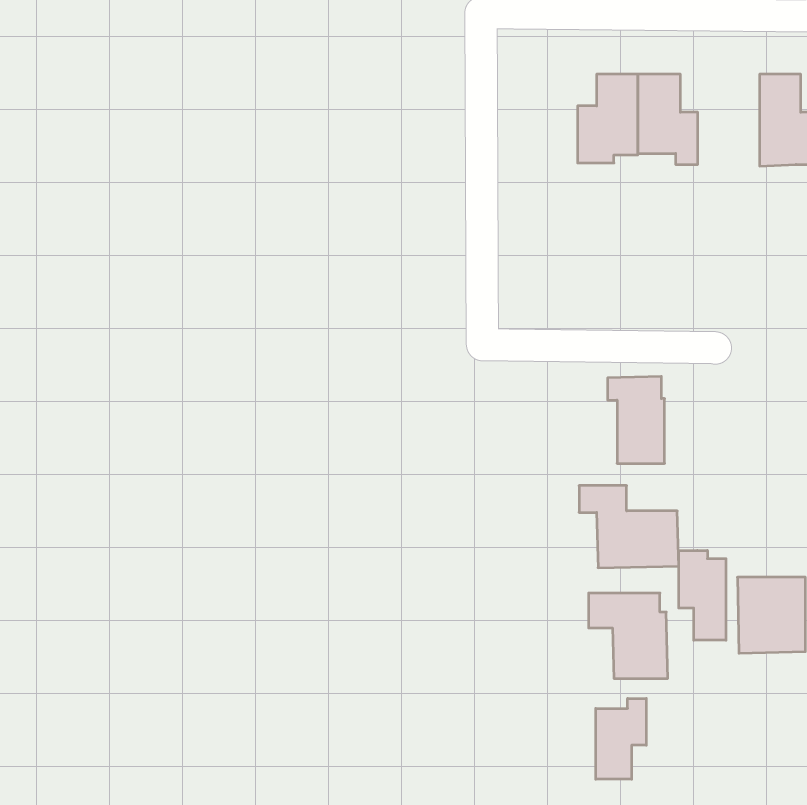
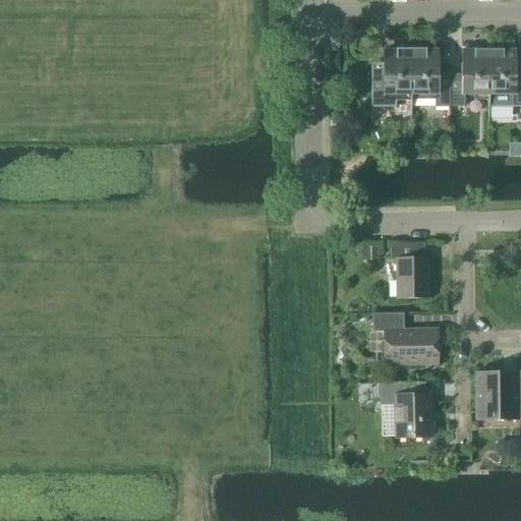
building: none -> [450,48,489,106]
building: [679,550,726,640] -> none
building: [596,698,646,779] -> none

